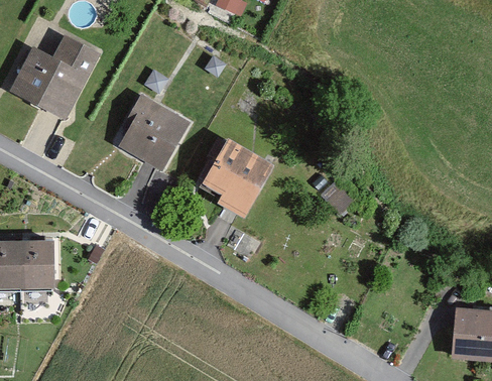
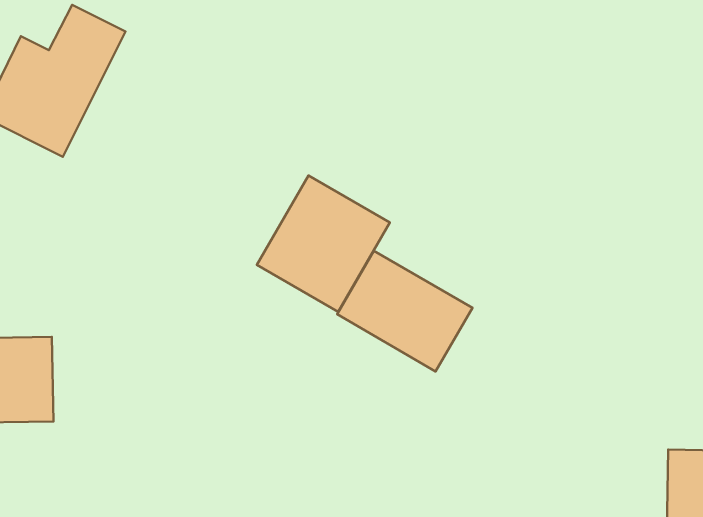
building: [114,90,192,171] -> none
building: none -> [337,251,472,371]

